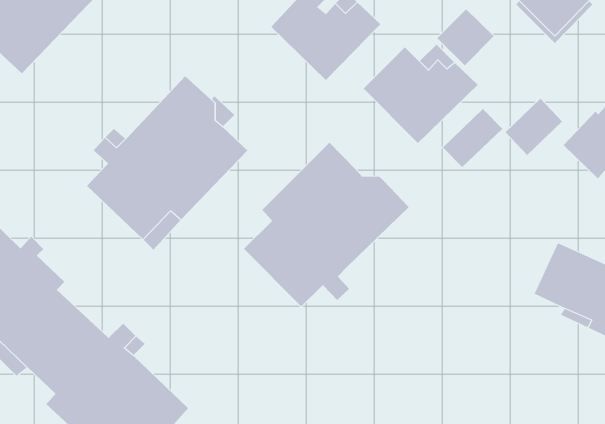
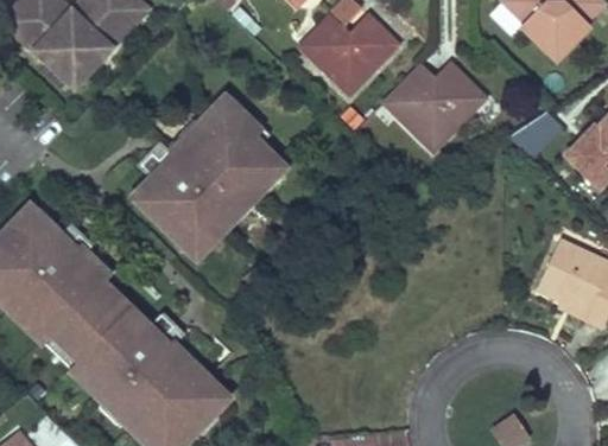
building: [436,8,495,66] -> none
building: [442,108,503,168] -> none
building: [243,142,409,307] -> none

